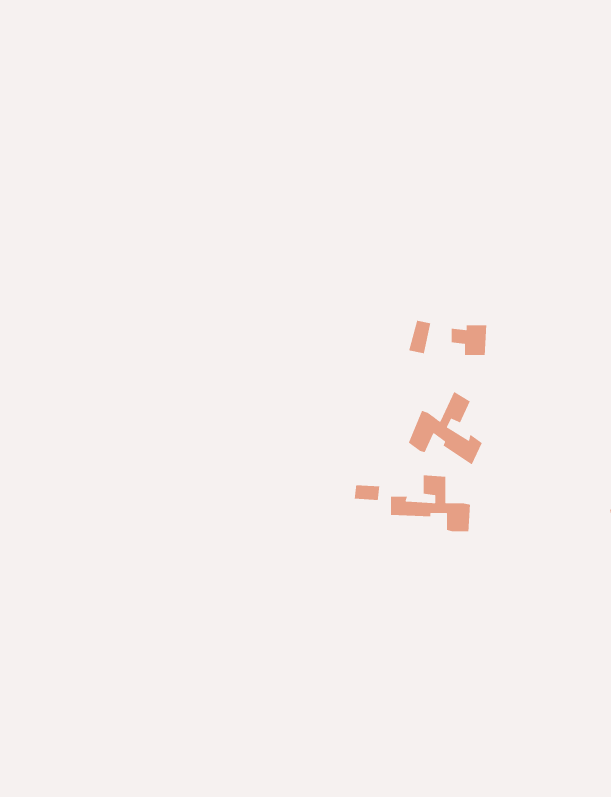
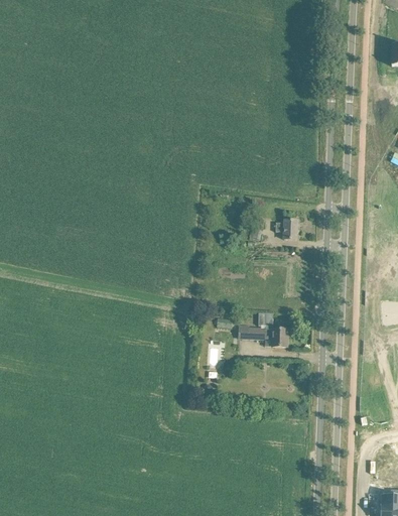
building: [408,391,483,466] -> none

